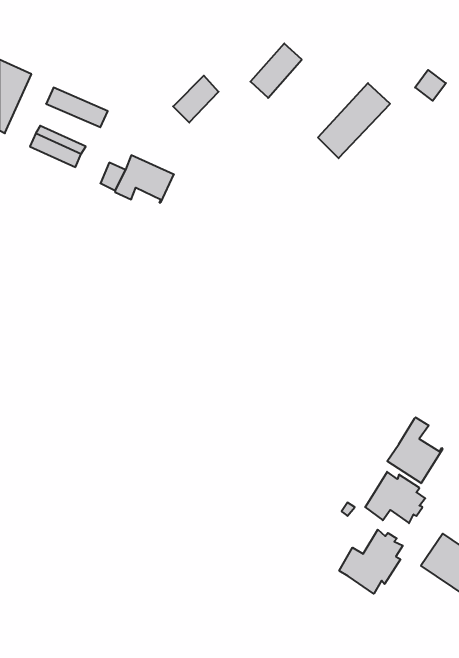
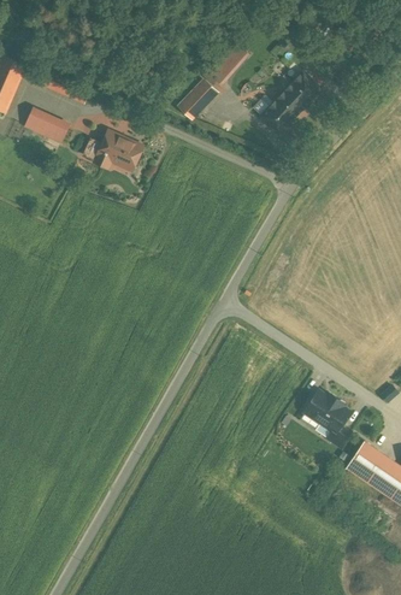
building: [173,76,219,123] -> [178,81,216,119]
building: [387,417,442,483] -> none
building: [339,530,403,594] -> none

